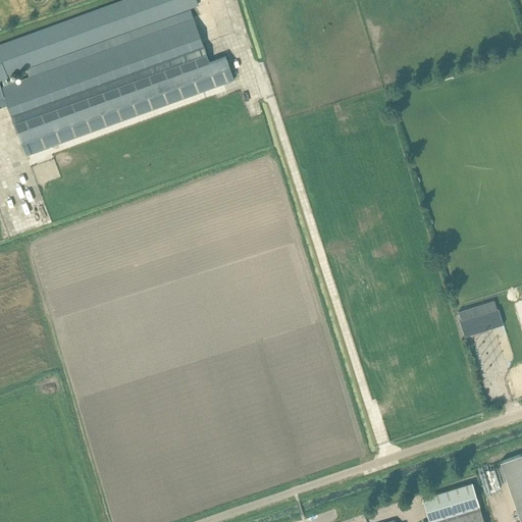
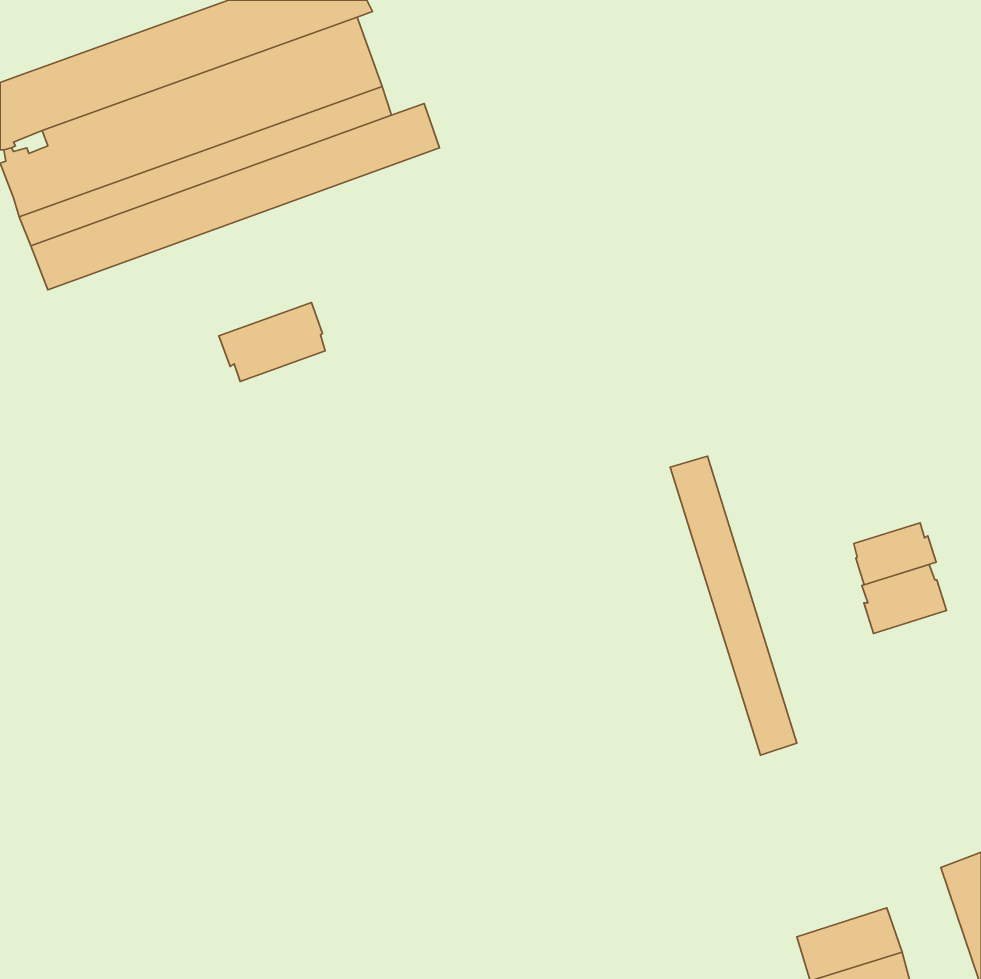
building: none -> [219,303,325,382]
building: none -> [670,456,797,755]
building: none -> [854,523,936,585]

